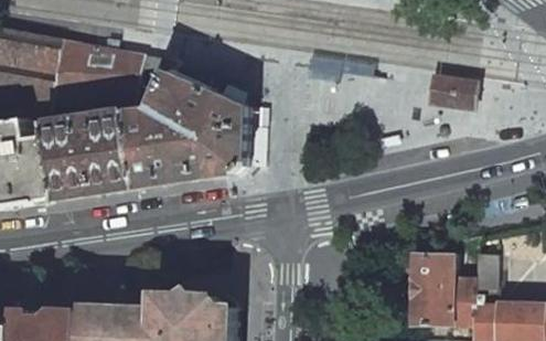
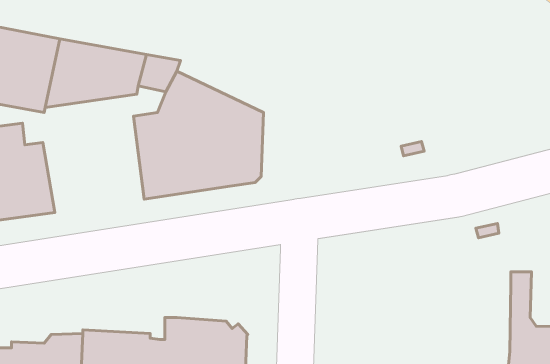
building: [424,75,469,107] -> none
building: [41,108,135,199] -> none
building: [406,252,470,326] -> none

